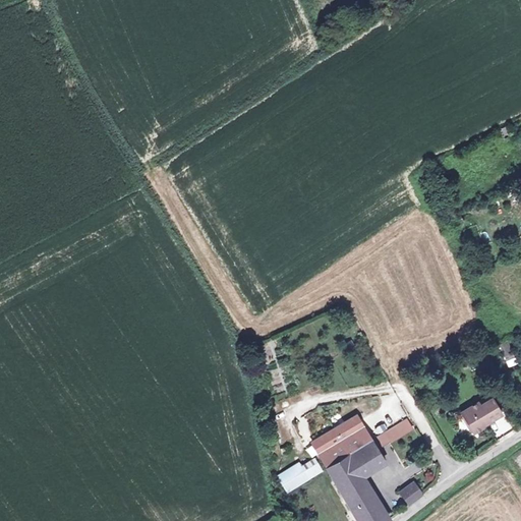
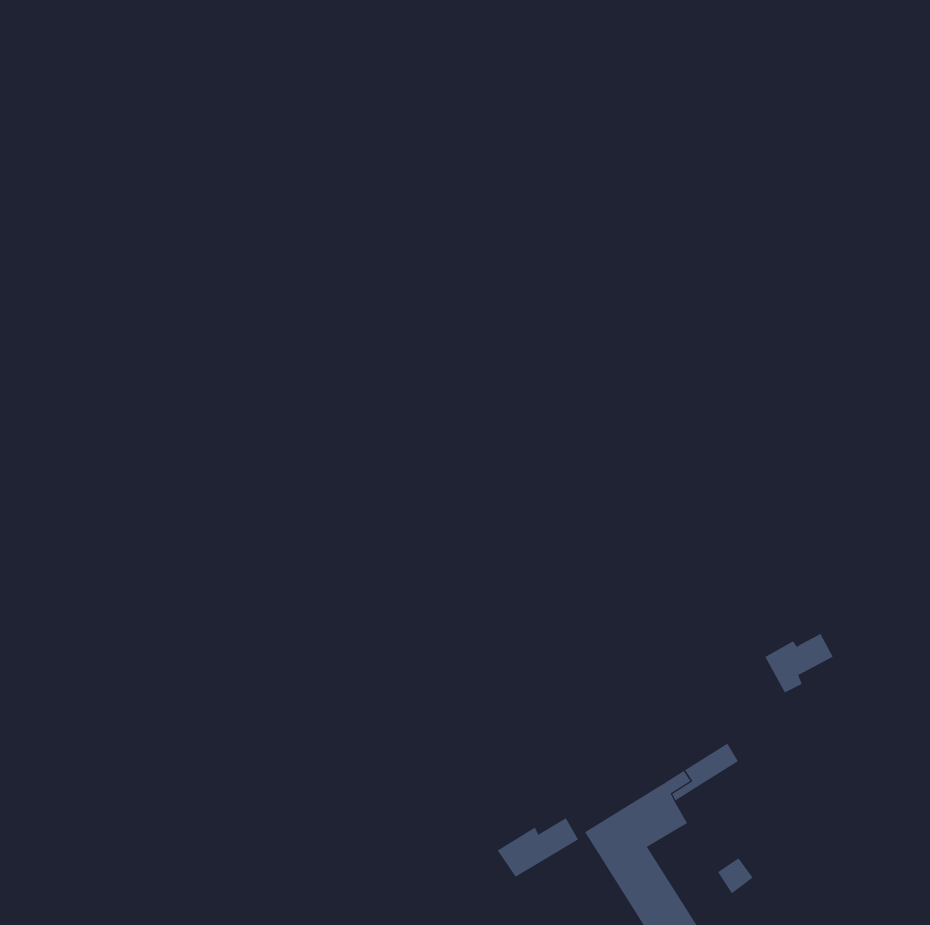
building: [462,400,501,433] -> [764,633,834,693]
building: [311,416,371,468] -> none

